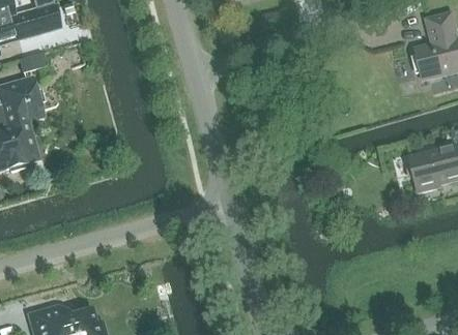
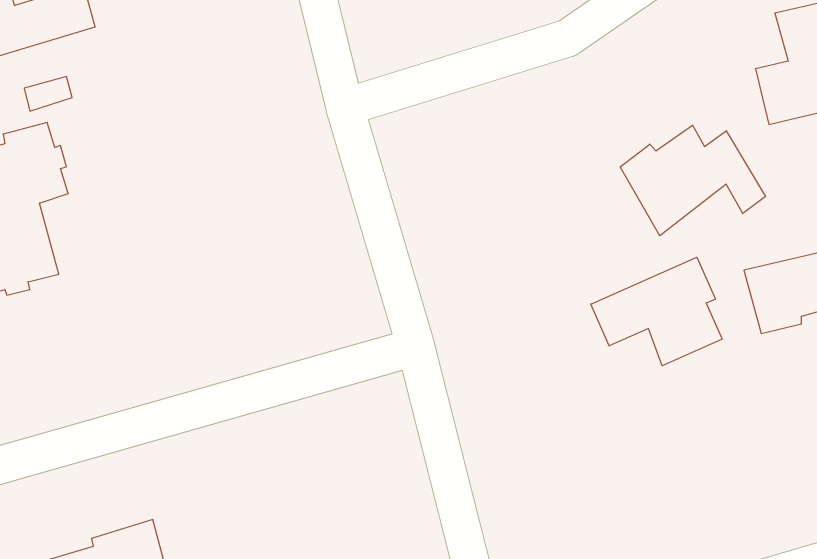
building: none -> [620,125,766,236]
building: none -> [591,257,722,366]

